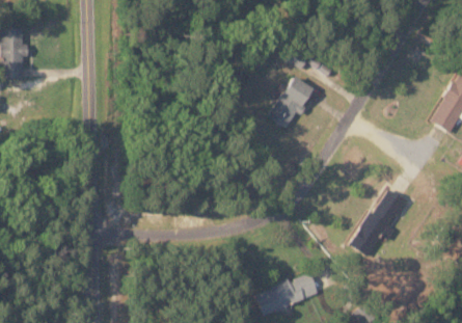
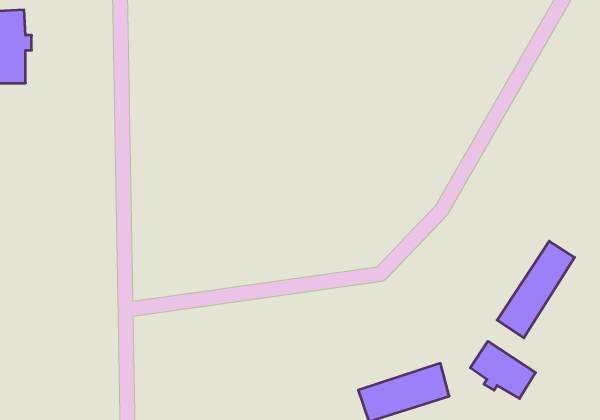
building: [269,76,314,128] -> none
building: none -> [470,341,536,399]

